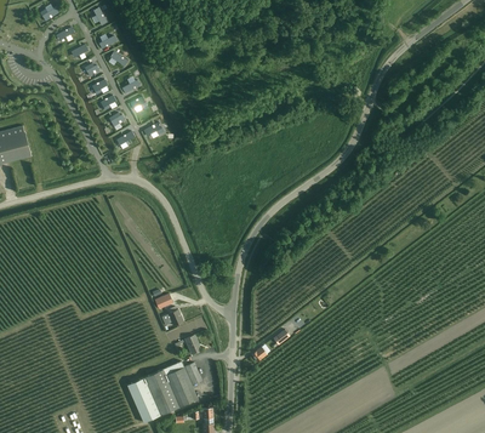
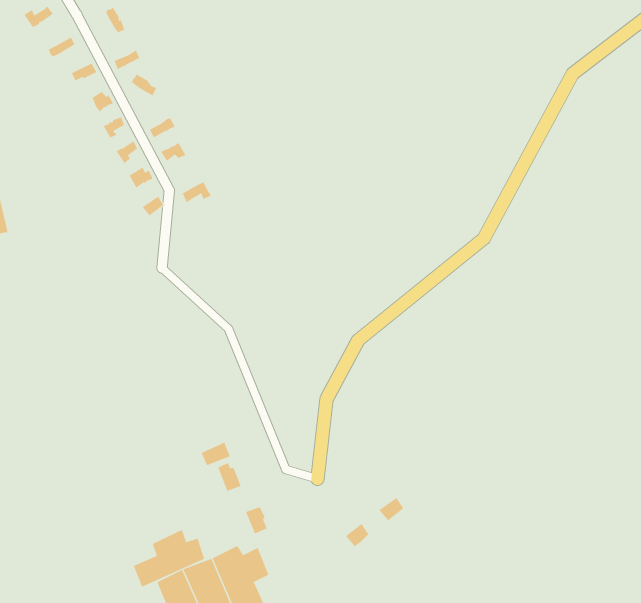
building: none -> [133,529,205,588]

